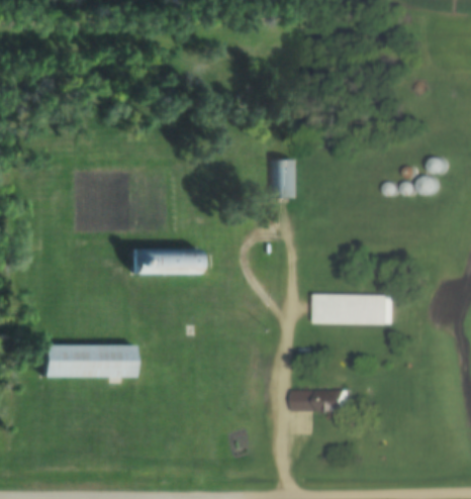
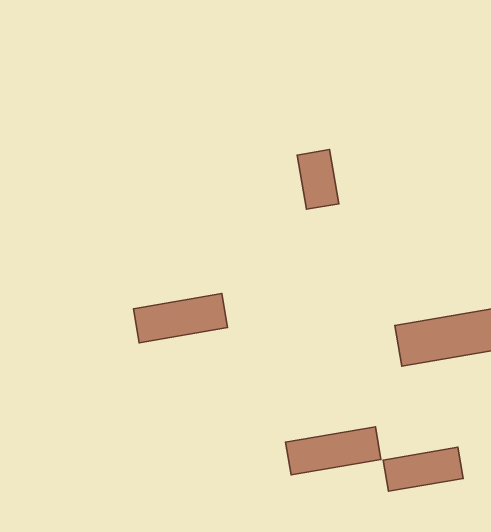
building: [42,344,133,377] -> none
building: none -> [286,427,381,475]

